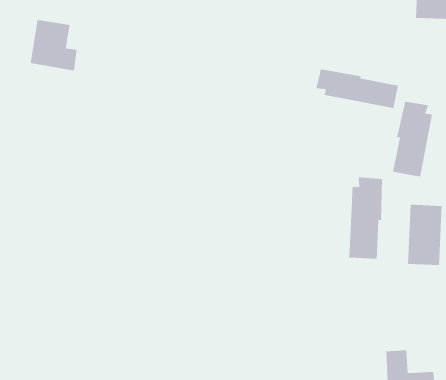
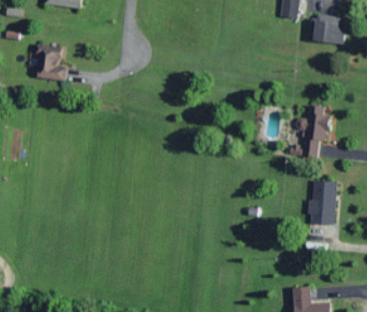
building: [316,69,398,109] -> none
building: [349,177,382,260] -> none

